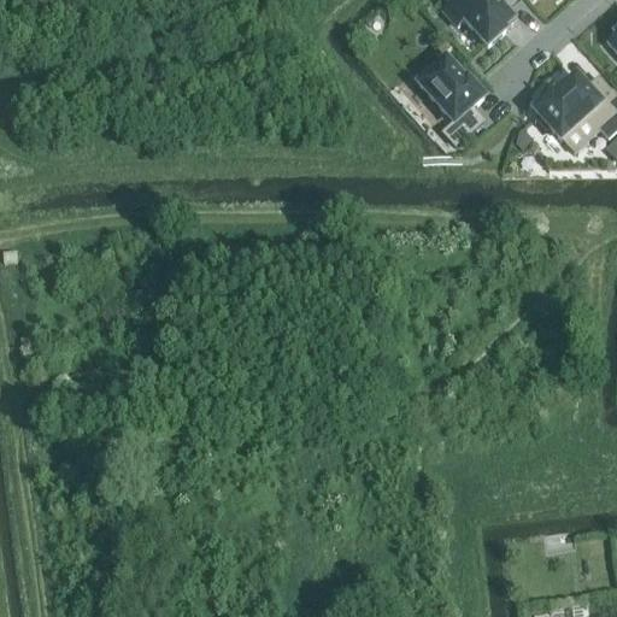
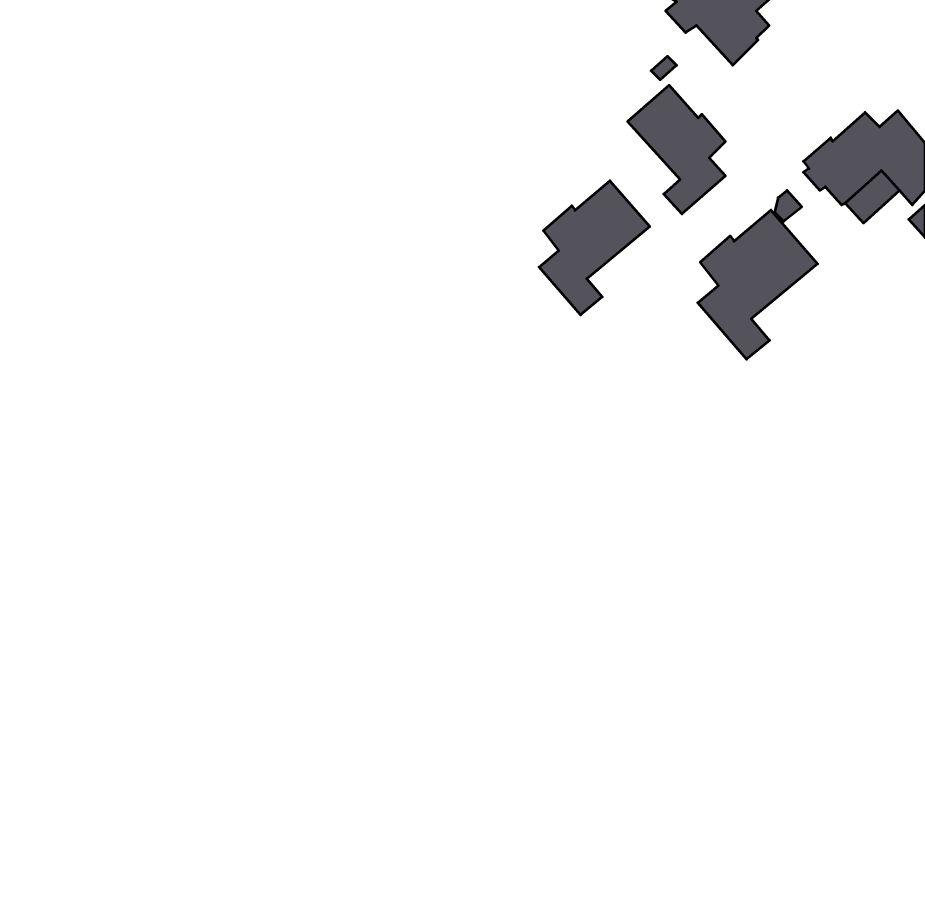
building: none -> [539,181,650,315]
building: none -> [698,210,818,359]

